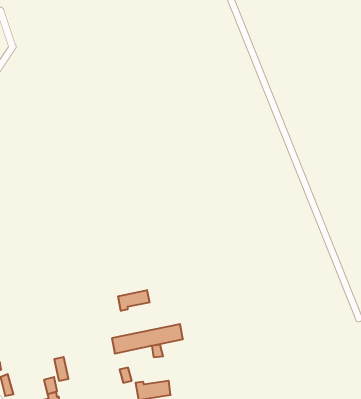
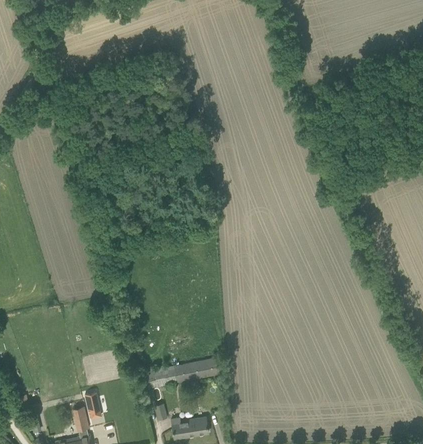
building: [118,290,150,311] -> none

